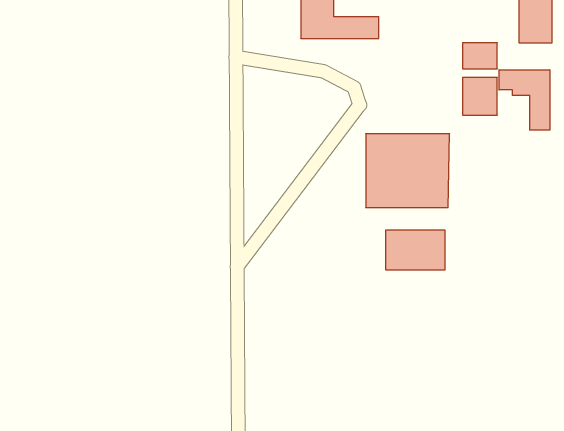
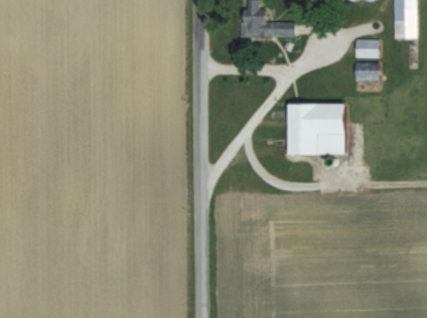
building: [499,70,550,130] -> none
building: [386,230,445,270] -> none

